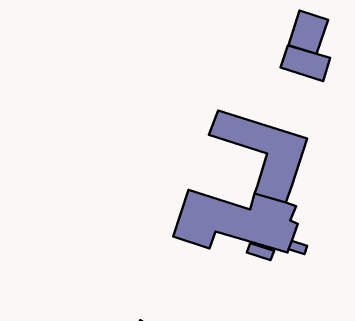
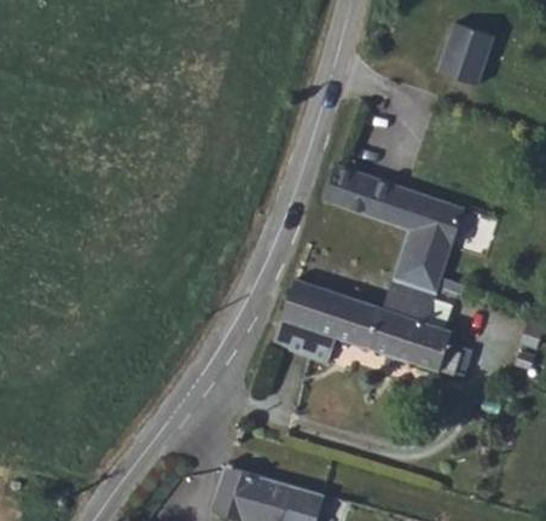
building: [280,45,330,81] -> none

